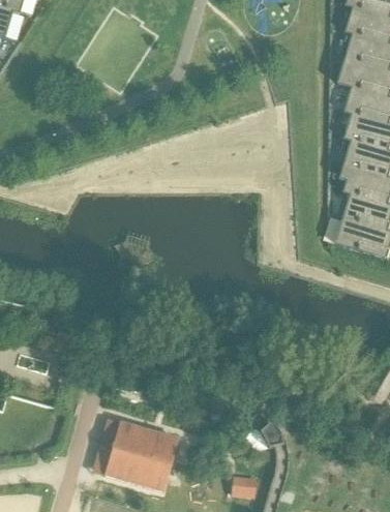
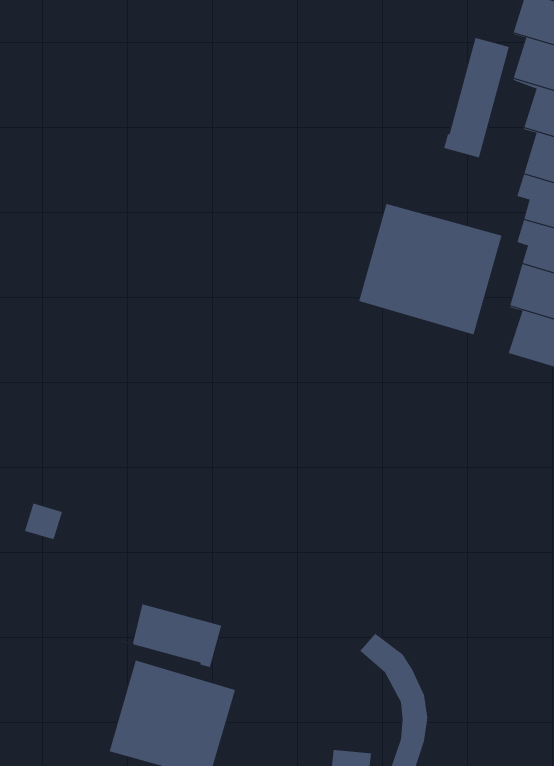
building: none -> [444,37,509,159]
building: none -> [358,203,502,335]
building: none -> [121,603,222,668]

